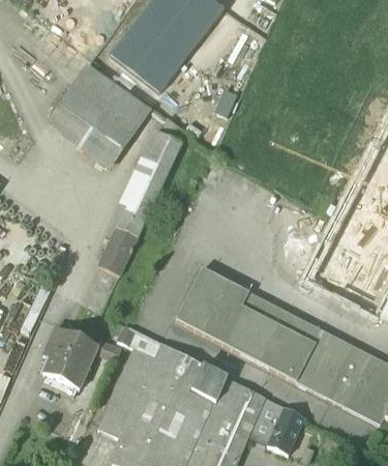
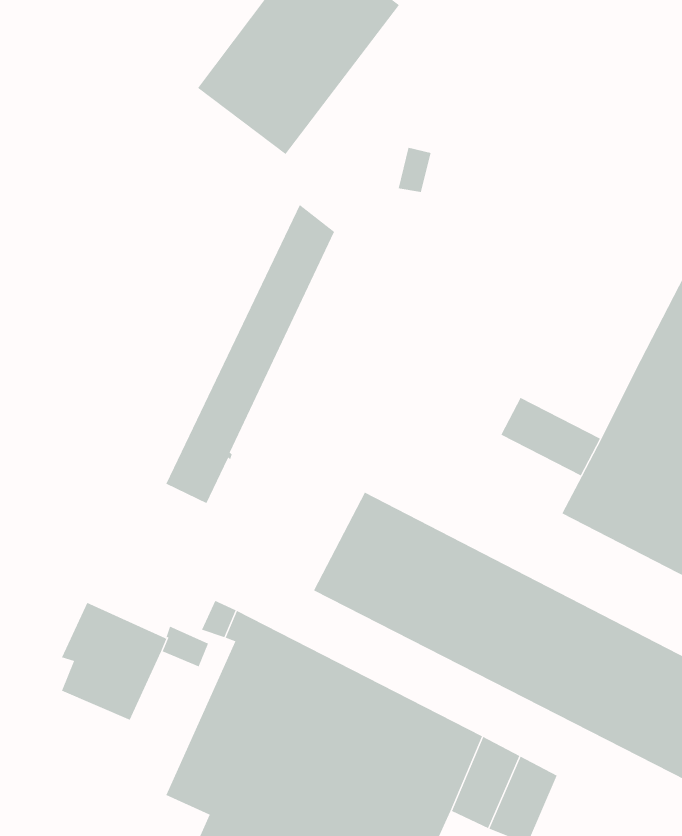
building: [52,64,151,161] -> none

